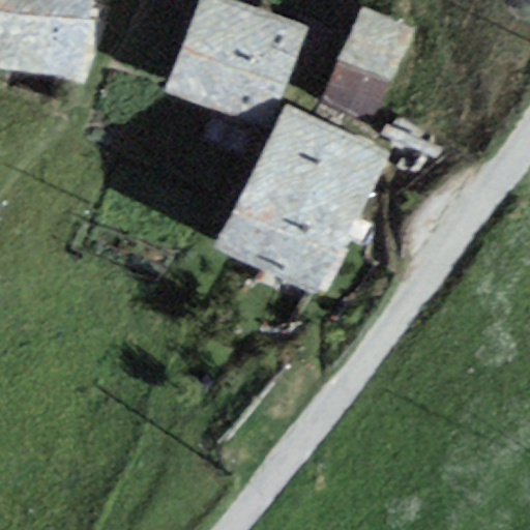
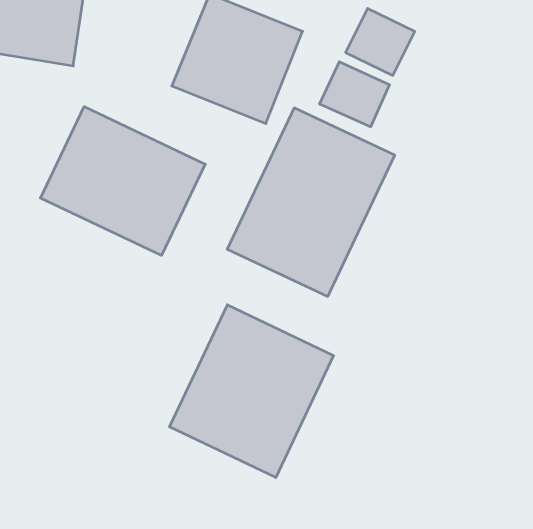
building: none -> [40,107,205,255]
building: none -> [170,305,334,478]

